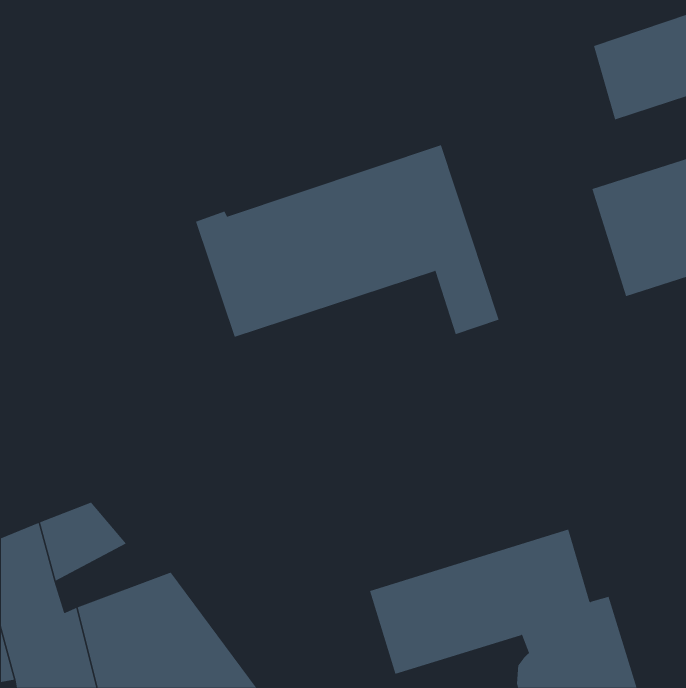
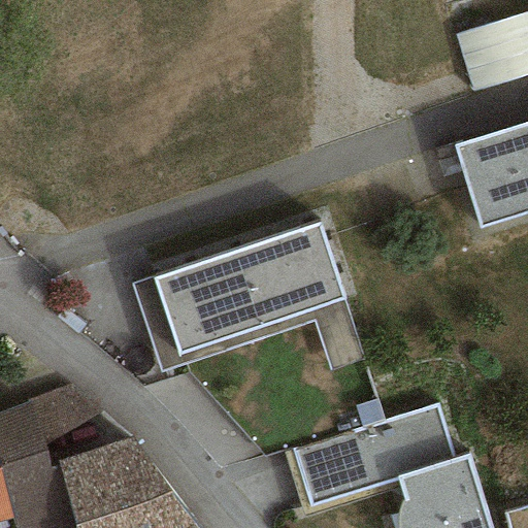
building: [195,145,500,338] -> [131,224,364,371]

